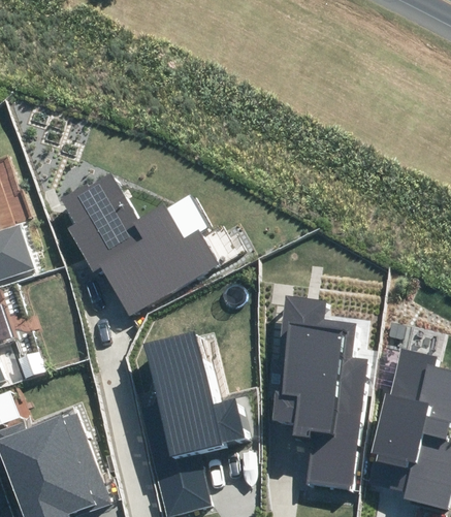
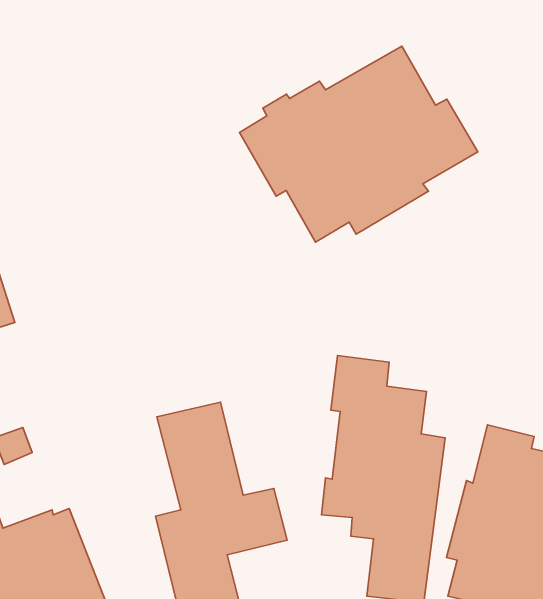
building: none -> [240,46,478,242]
building: [60,170,218,315] -> none

